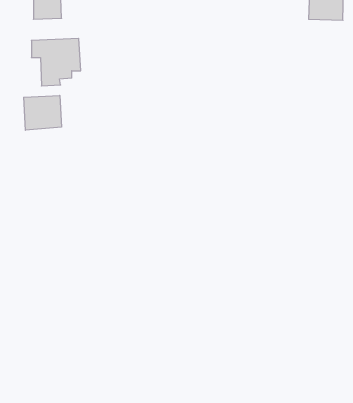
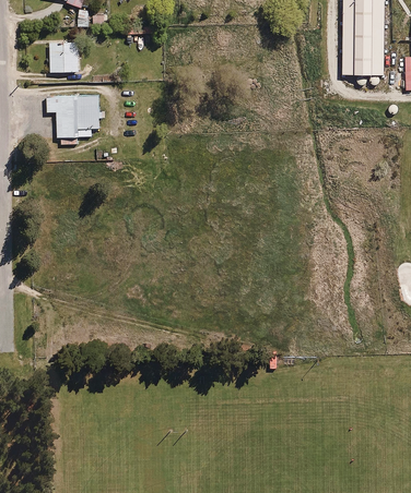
building: [24,95,61,130] -> none

